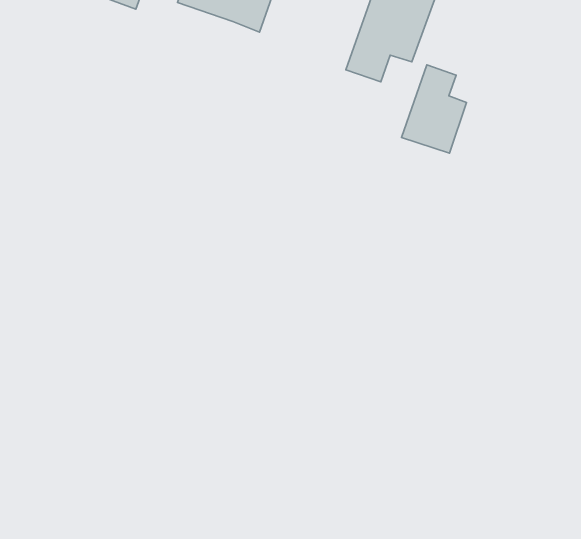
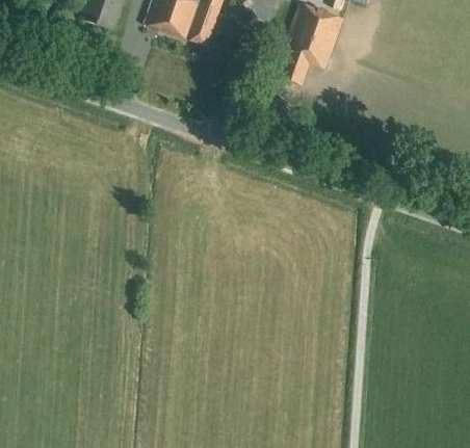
building: [401,65,466,153] -> none

